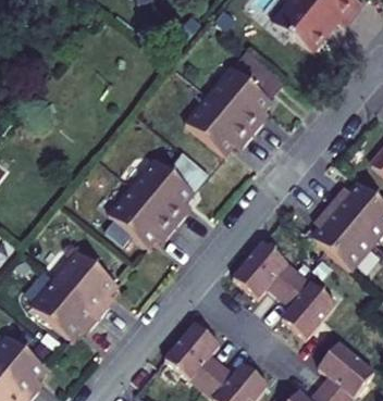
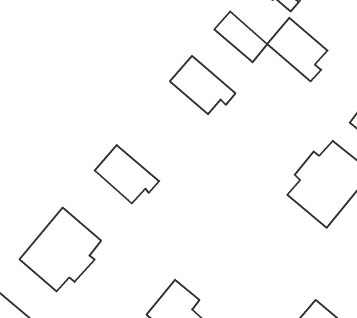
building: [211,67,273,133] -> [267,18,328,81]
building: [134,159,196,223] -> none
building: [234,242,336,338] -> none

